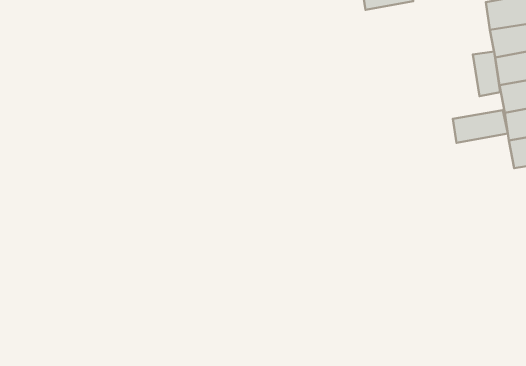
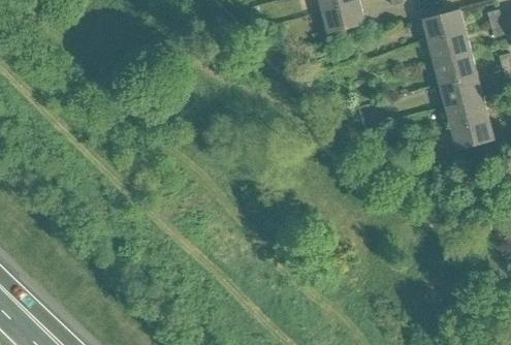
building: [473,52,500,96] -> none
building: [453,110,508,143] -> none

